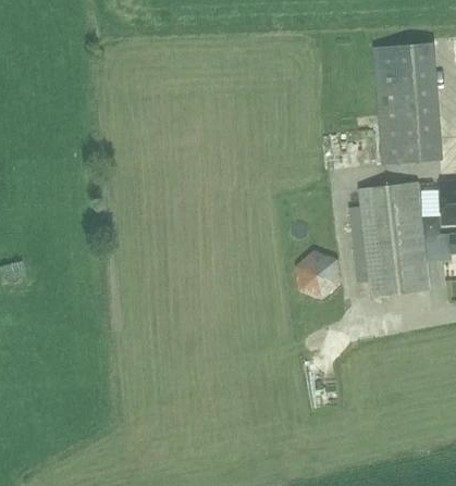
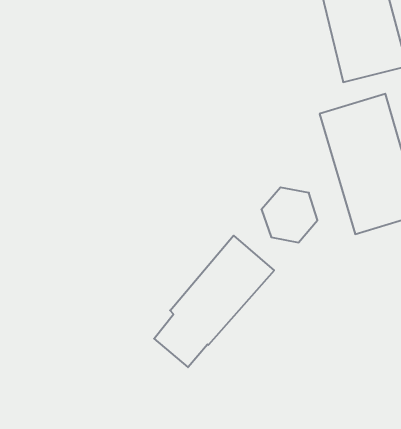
building: none -> [154,236,274,367]

